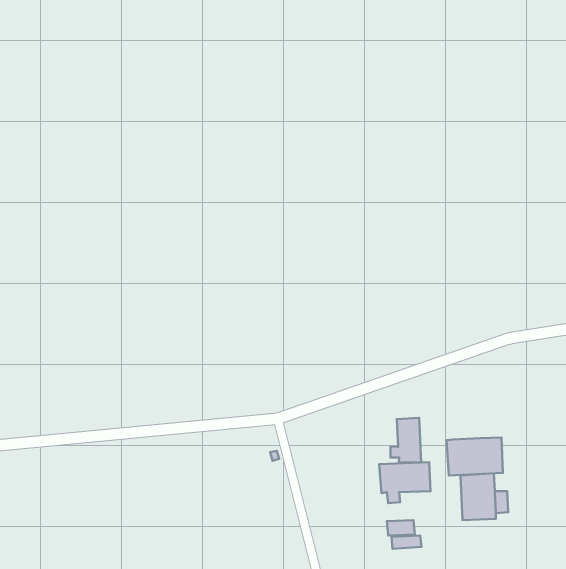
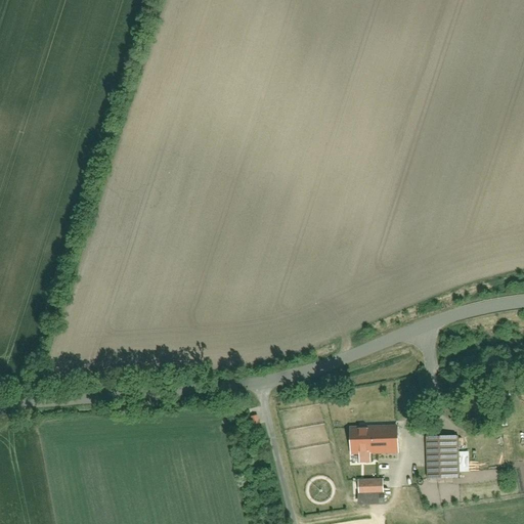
building: [391,418,421,463] -> none
building: [446,437,503,475] -> none

